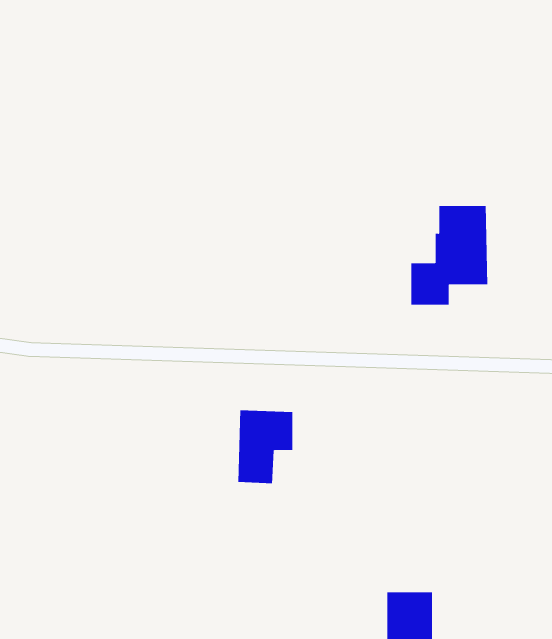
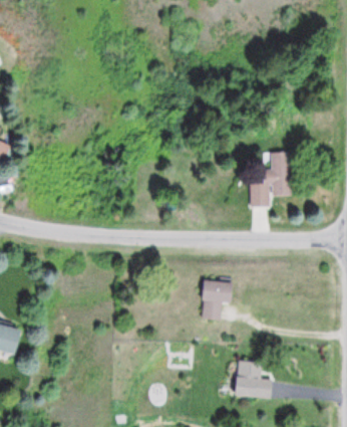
building: [238,410,293,484] -> [202,279,232,319]

